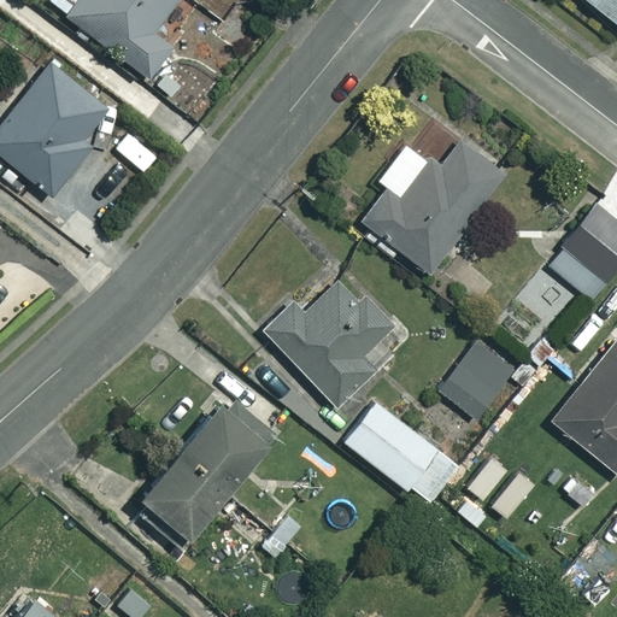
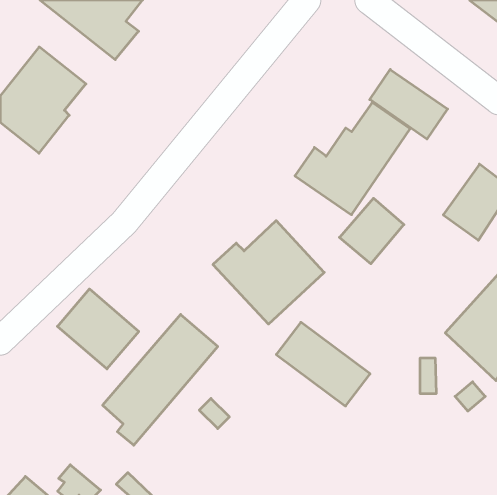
building: none -> [370,69,448,139]
building: [437,341,517,422] -> [339,198,404,264]
building: none -> [57,289,139,369]

